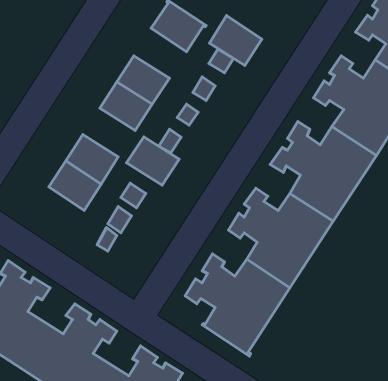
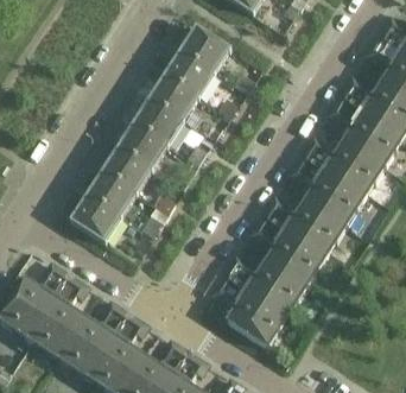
building: [209,16,262,65] -> [163,52,210,97]
building: [127,137,179,185] -> [116,125,164,169]
building: none -> [69,196,118,242]

